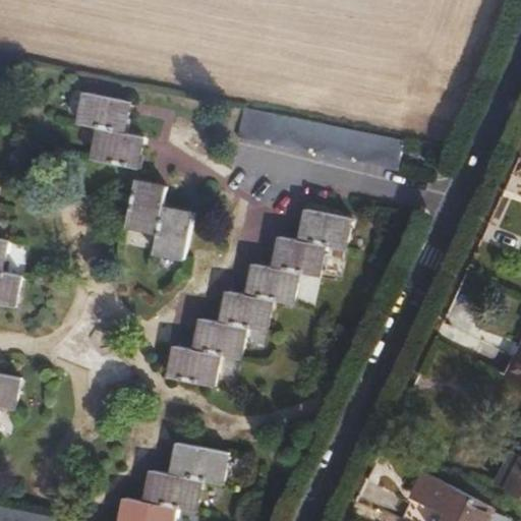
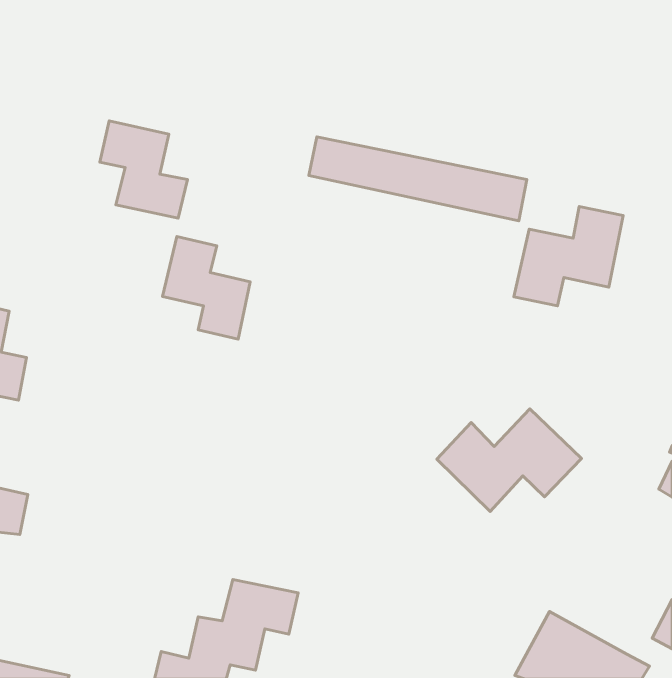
building: none -> [514,206,623,306]
building: [167,211,349,388] -> none
building: none -> [437,409,581,512]

